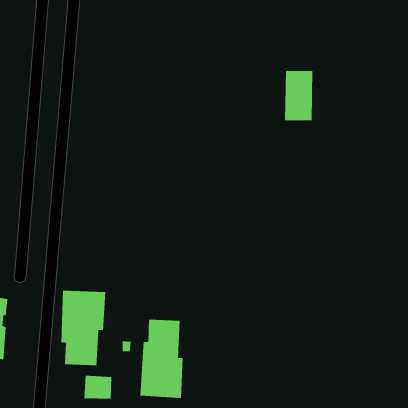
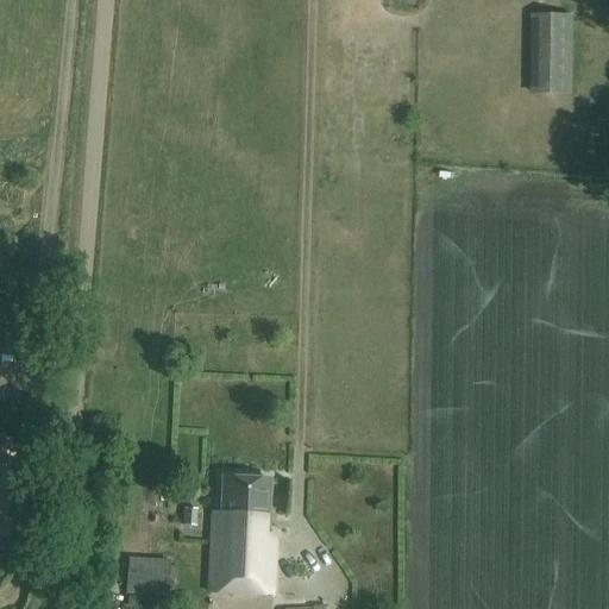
building: [284,70,313,121] -> [528,14,571,89]
building: [61,290,106,366] -> none

